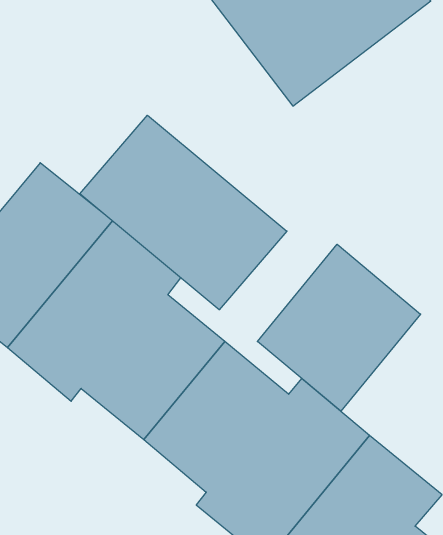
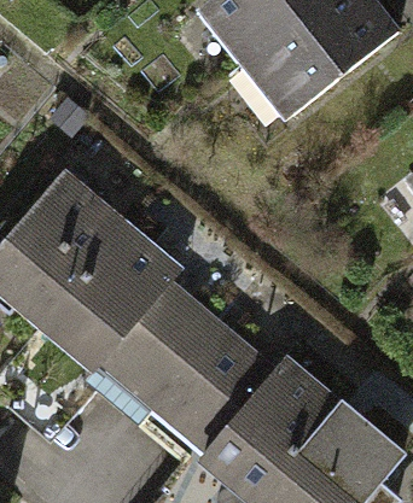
building: [80,115,287,310] -> none
building: [257,244,421,411] -> none

